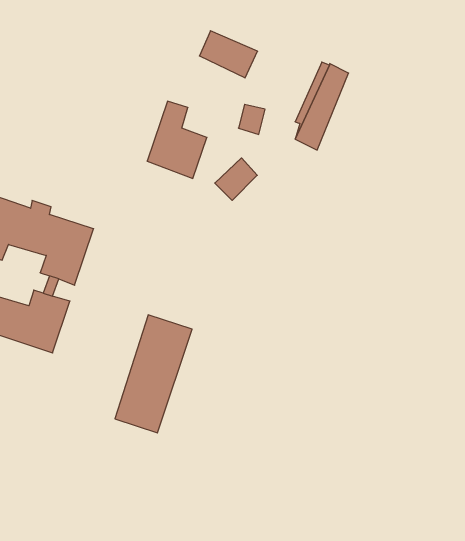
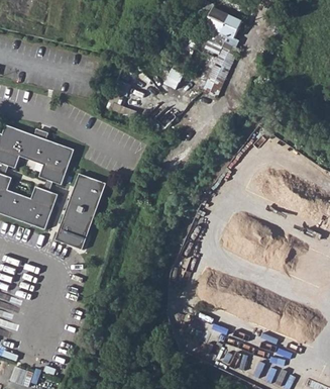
building: [199,31,258,78] -> [204,7,241,37]
building: [115,315,192,433] -> [57,172,106,248]

